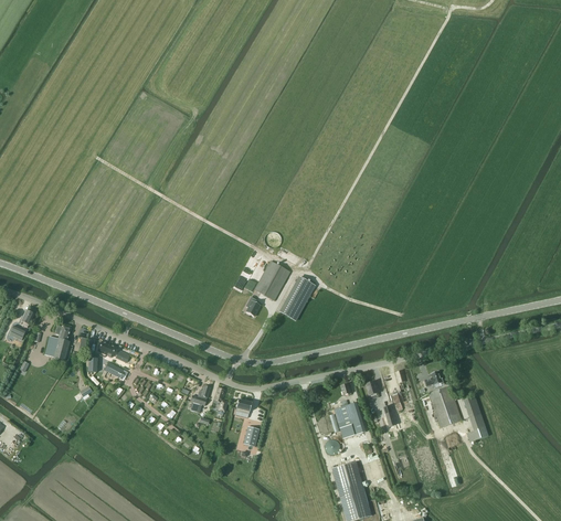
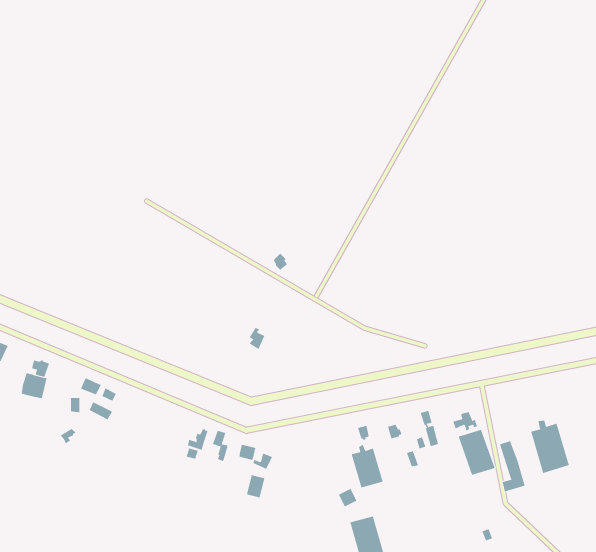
building: [254,262,289,301] -> none
building: [280,277,315,320] -> none
building: none -> [530,420,569,474]

